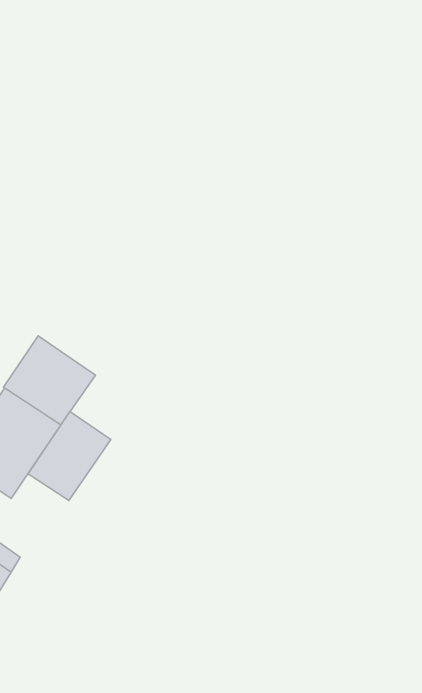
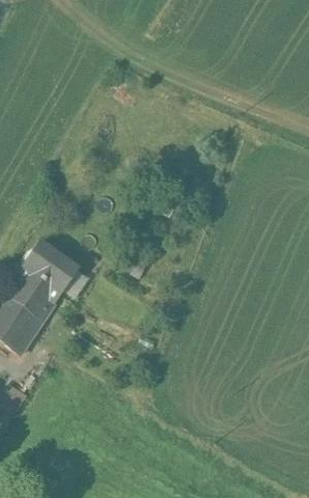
building: [28,412,111,500] -> none

